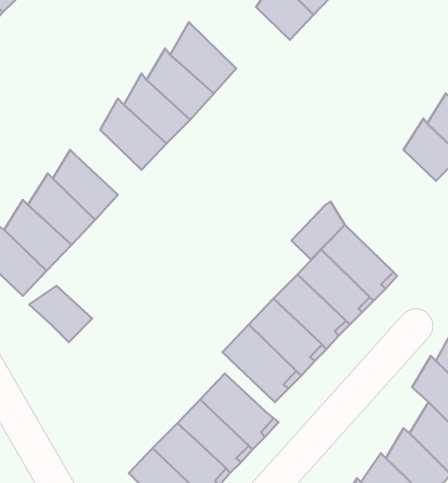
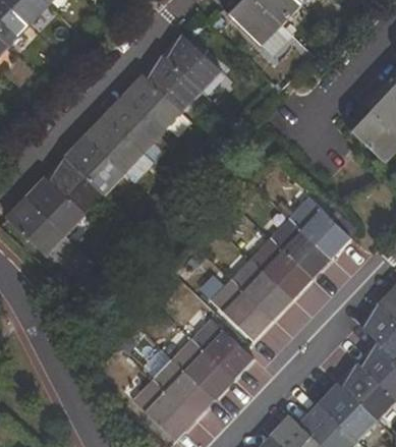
building: none -> [88,115,142,172]
building: [292,202,345,259] -> none
building: [29,286,92,342] -> none

